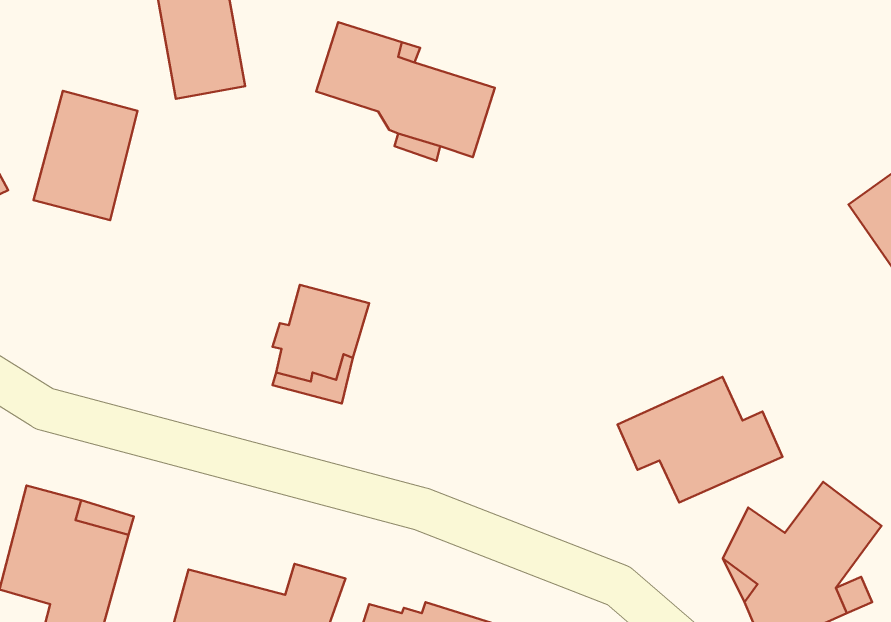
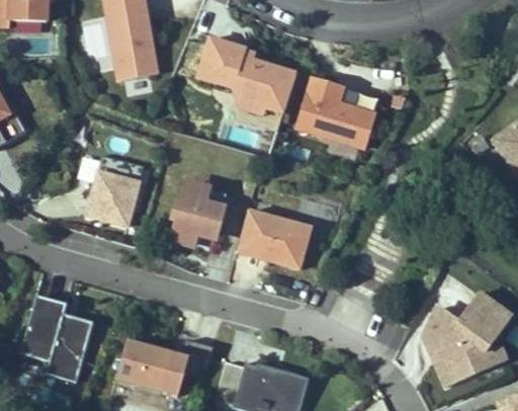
building: [34,91,137,220] -> [85,155,143,227]
building: none -> [295,80,372,148]
building: none -> [236,211,310,269]
building: [617,377,783,502] -> none

